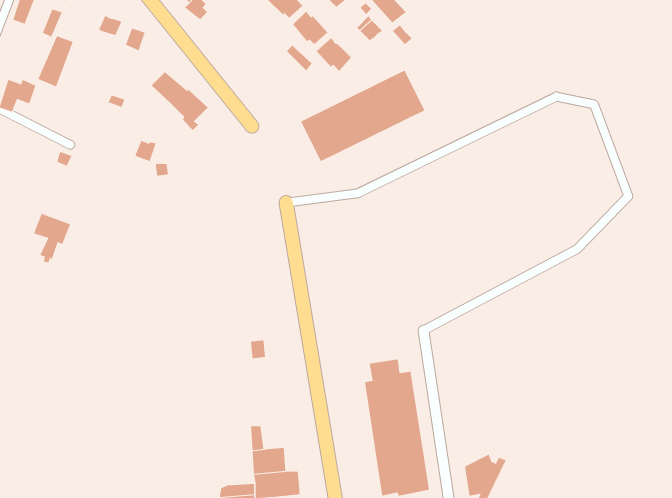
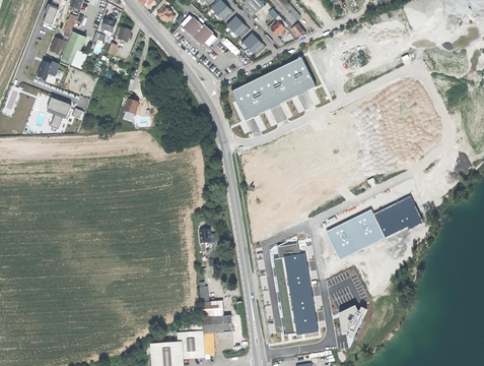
building: [151,72,209,131] -> [181,15,218,54]
building: [33,213,71,263] -> [48,99,72,131]
building: none -> [326,196,423,260]

